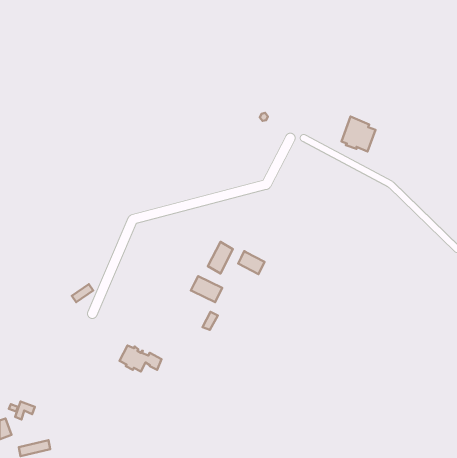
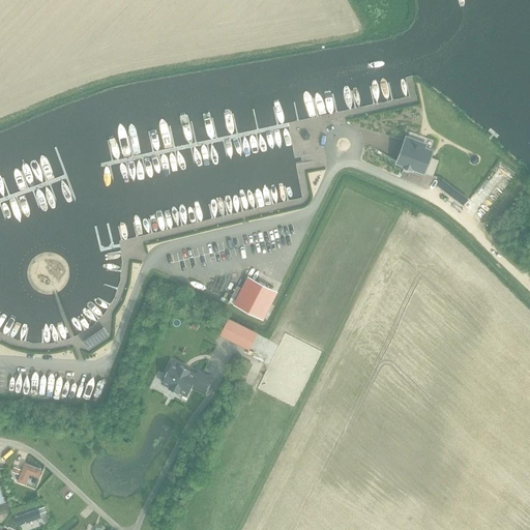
building: [238,251,265,274] -> none
building: [119,346,162,372] -> [161,363,210,393]

